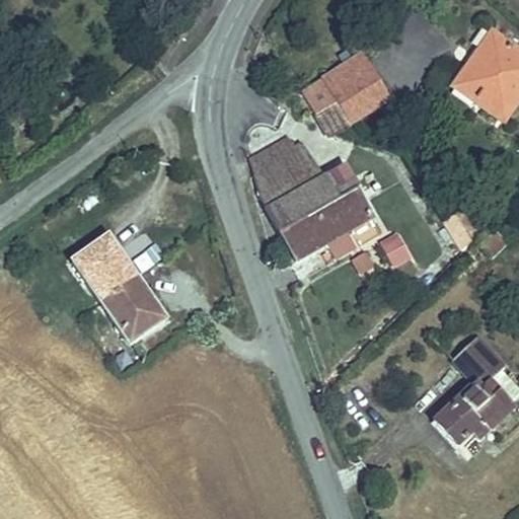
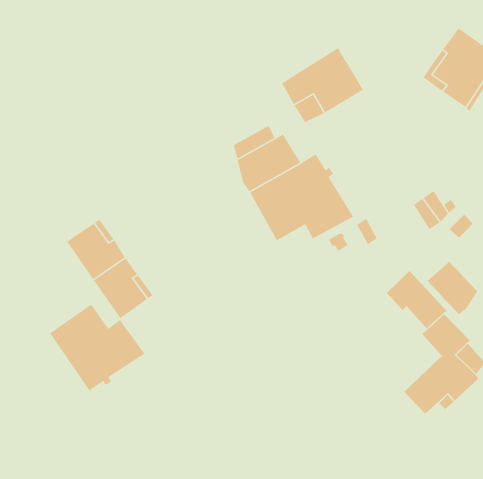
building: none -> [427,261,478,315]
building: none -> [386,270,447,329]
building: none -> [49,303,146,391]

